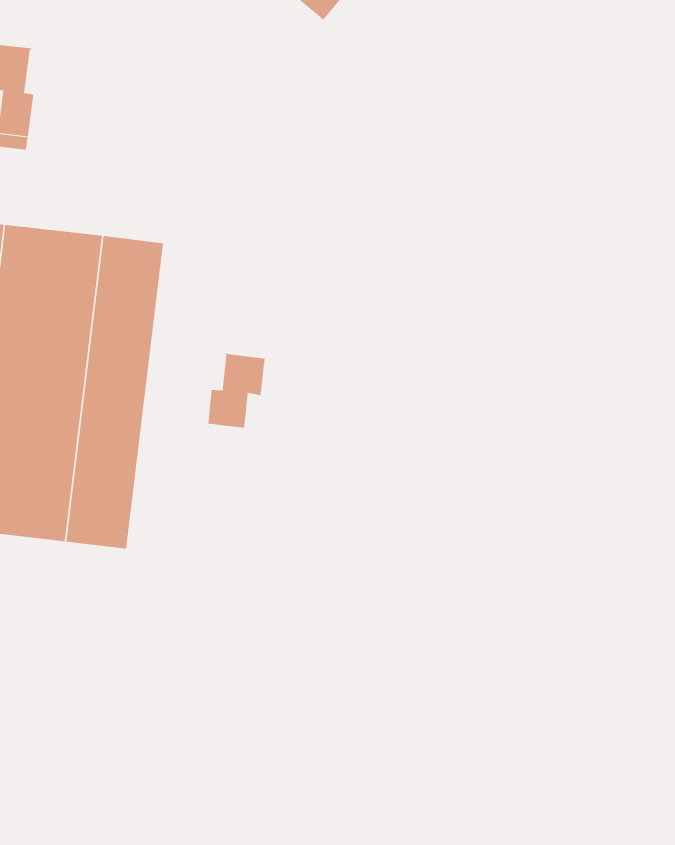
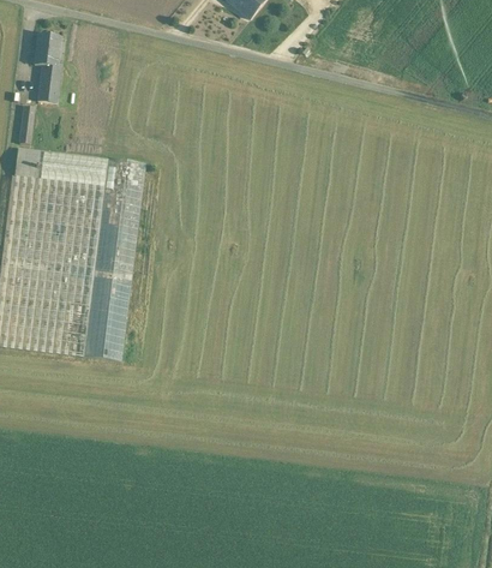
building: [208,353,265,429] -> none

